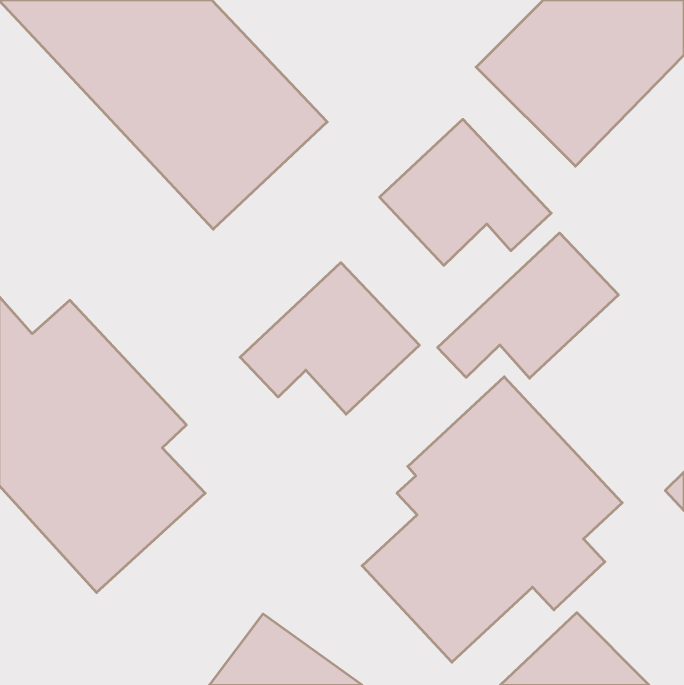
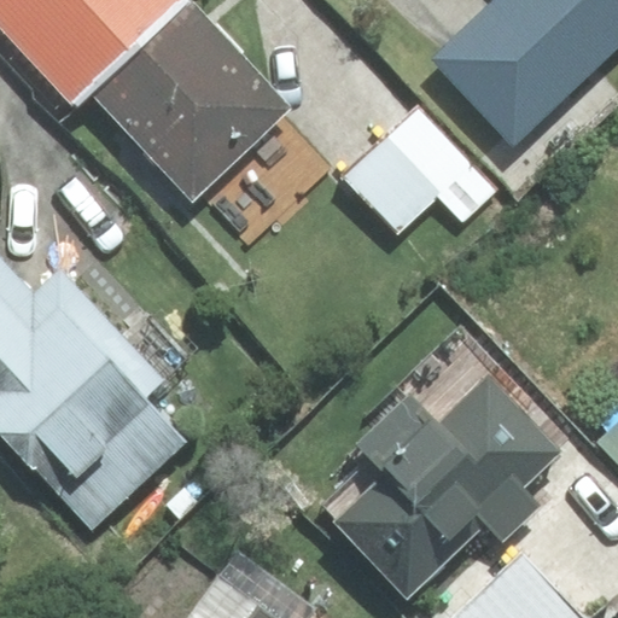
building: [438,233,618,378] -> none
building: [240,263,419,414] -> none

